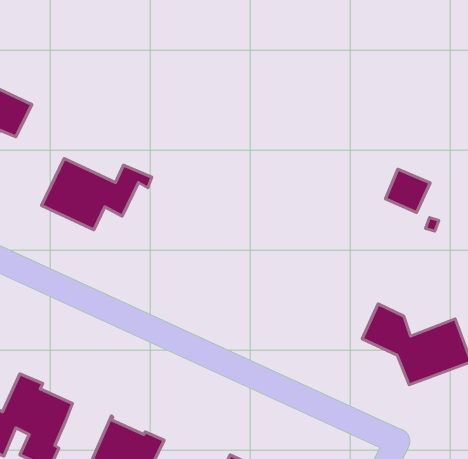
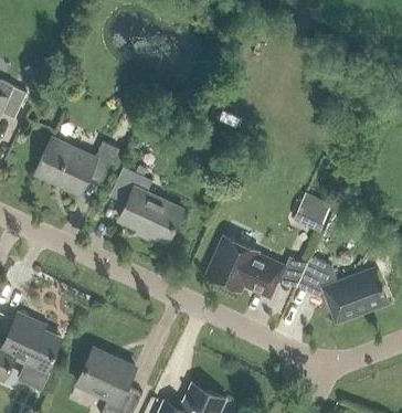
building: [386,169,430,212] -> [293,197,329,232]
building: none -> [109,168,181,242]
building: none -> [207,237,283,297]

